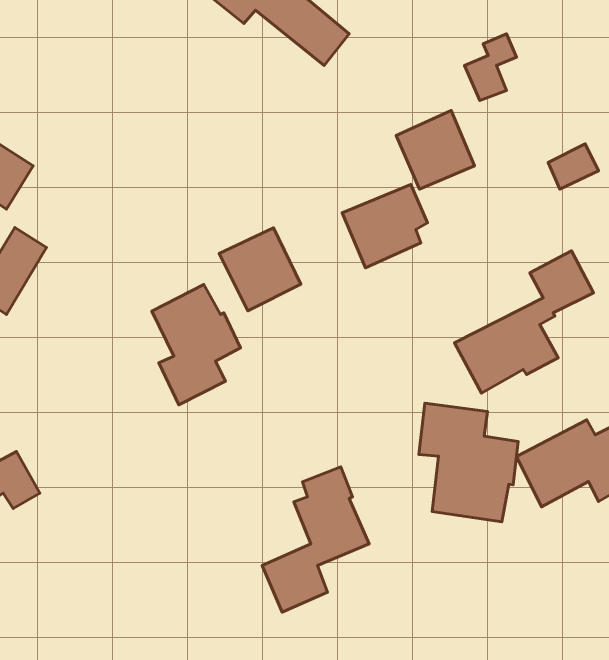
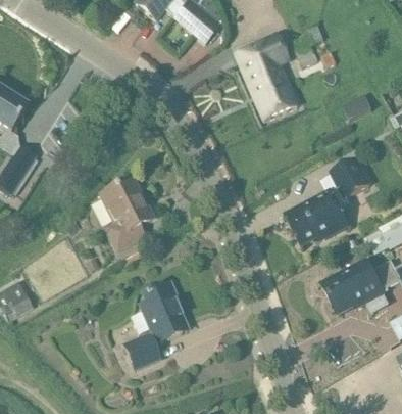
building: [342,184,428,268] -> [235,35,287,86]
building: [219,228,301,311] -> none
building: [419,403,518,522] -> none
building: [262,467,369,612] -> [121,282,187,371]

